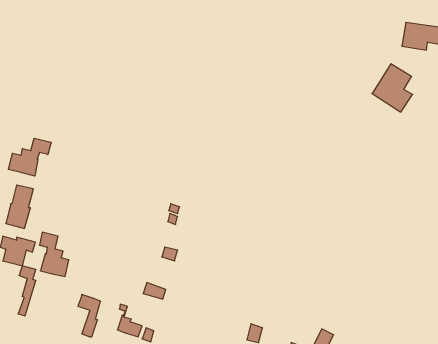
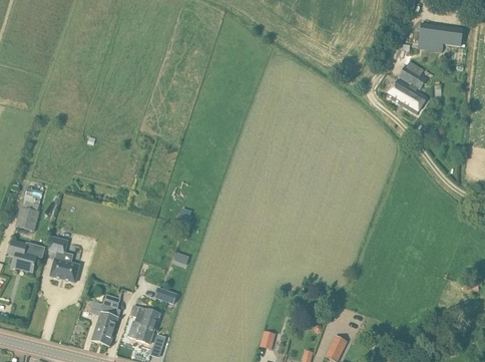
building: [8,138,51,176] -> none
building: [18,266,36,316] -> [102,294,120,345]
building: none -> [131,304,159,332]

